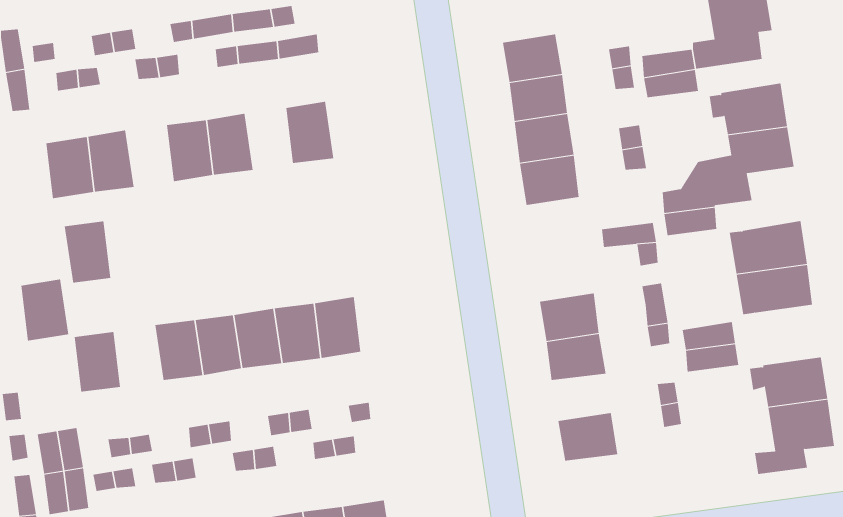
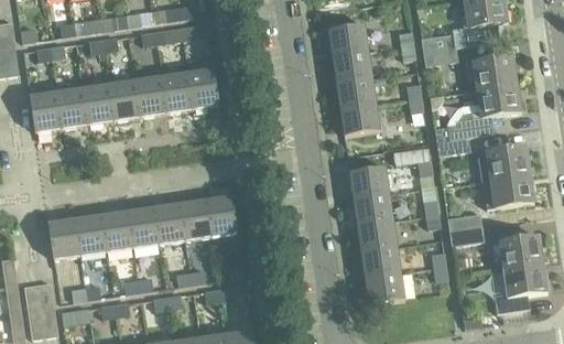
building: none -> [161,73,192,114]
building: [64,221,111,283] -> [83,84,113,125]
building: none -> [350,166,390,200]
building: [21,279,69,341] -> [75,215,107,256]
building: none -> [361,247,401,278]

